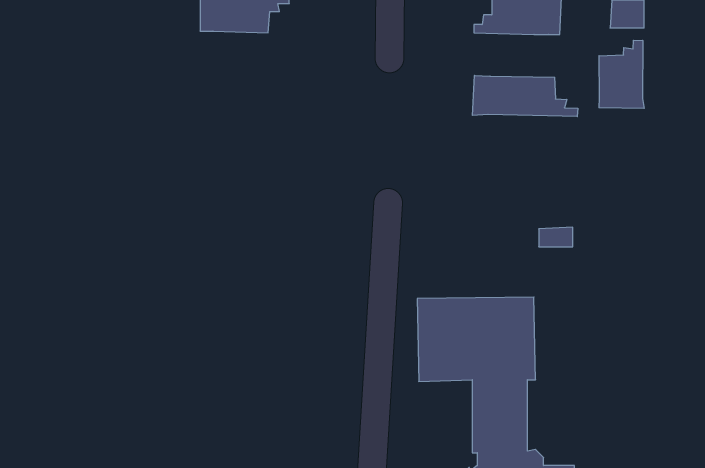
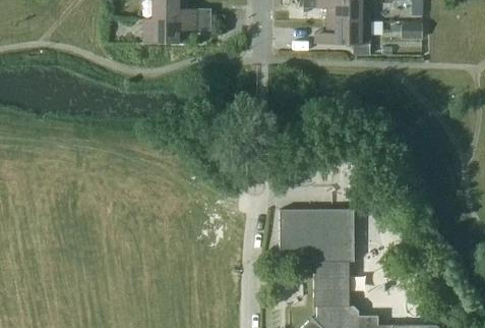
building: [599,40,644,108] -> none
building: [473,75,578,117] -> none

